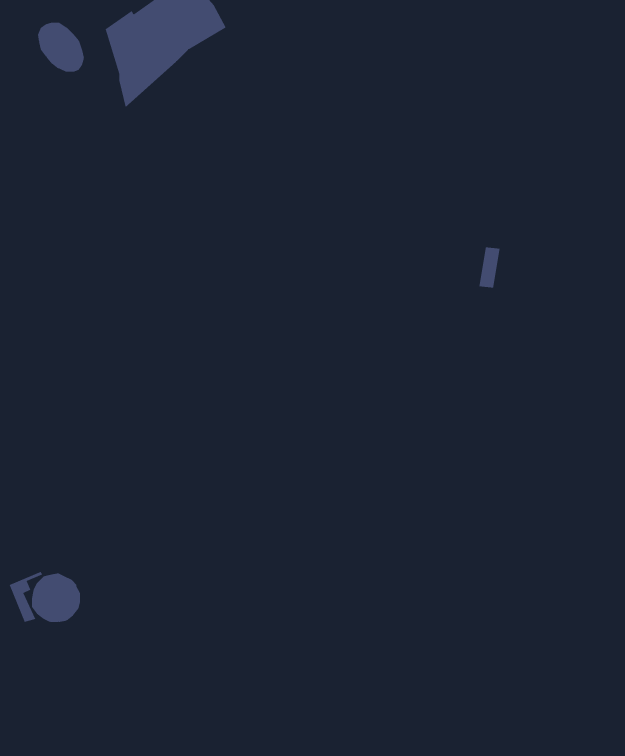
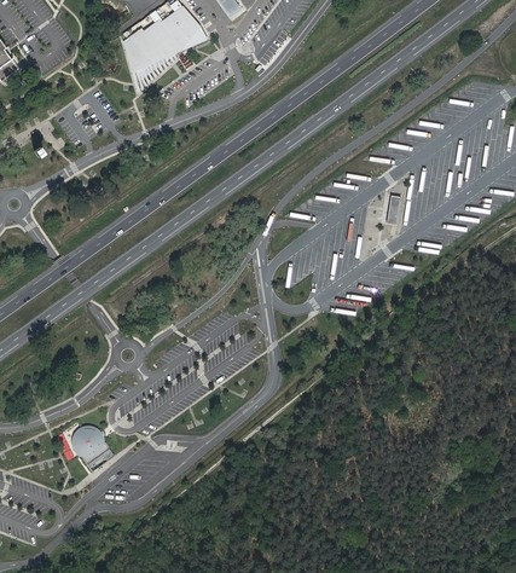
building: [37,22,84,73] -> none

